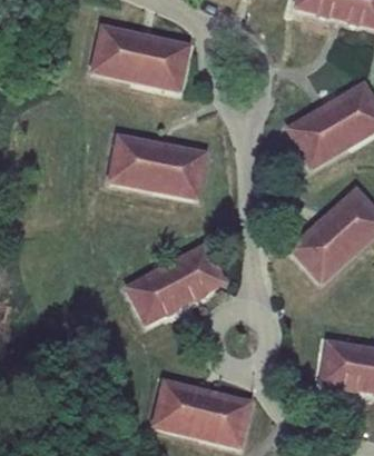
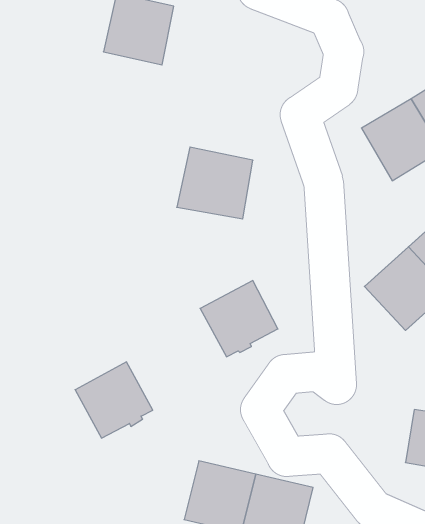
building: [137,36,189,89] -> none
building: [108,135,158,188] -> none
building: [127,265,186,323] -> [75,362,153,438]

